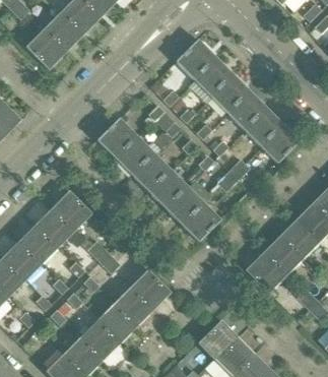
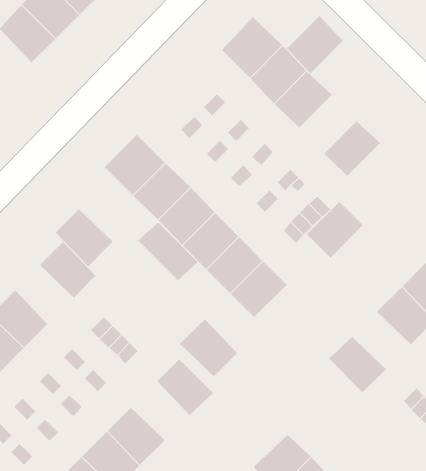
building: [227,91,266,131] -> [286,15,343,74]
building: [260,124,299,163] -> [306,201,363,258]
building: none -> [137,222,199,281]
building: [36,206,75,246] -> [55,208,114,267]
building: [263,238,303,276] -> none
building: [114,285,153,324] -> [179,318,238,377]

